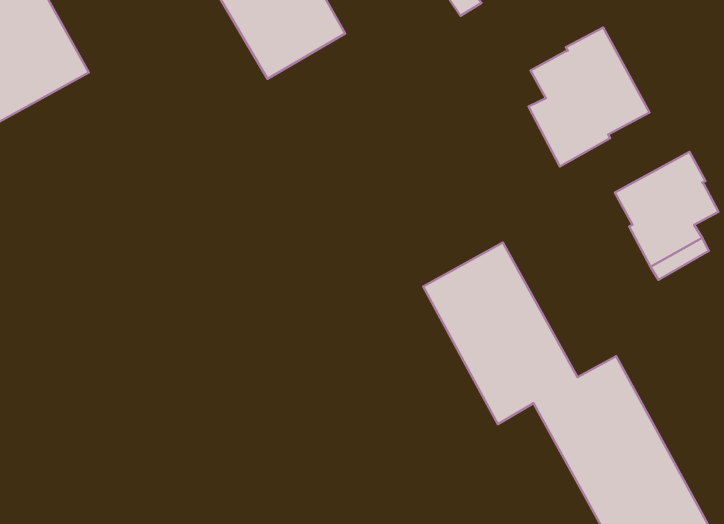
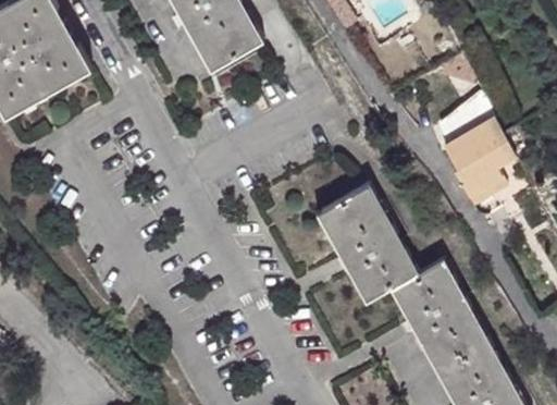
building: [528,27,649,167] -> none

